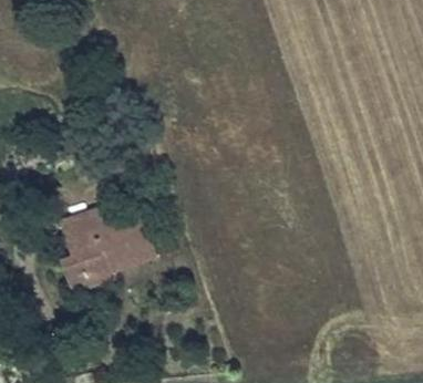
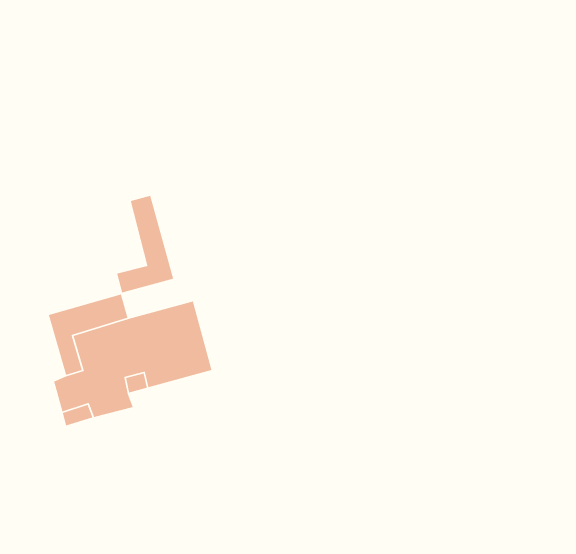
building: none -> [116,195,174,294]

